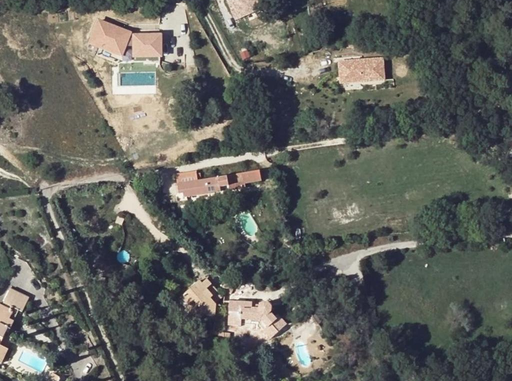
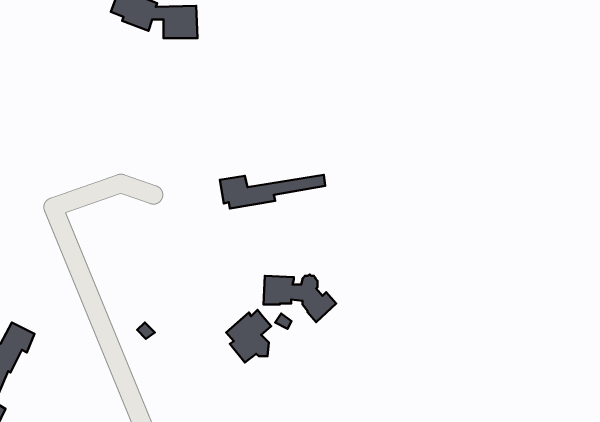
building: [338,57,383,82] -> none
building: [229,300,287,338] -> [264,275,336,322]

